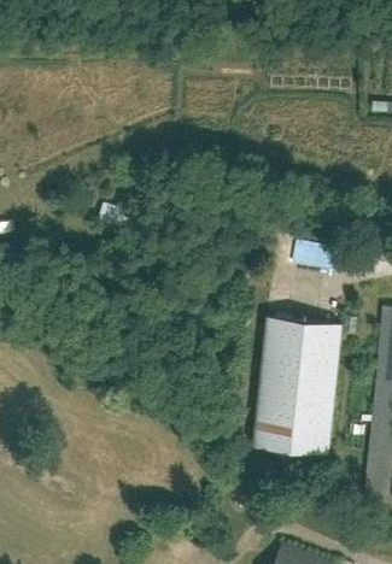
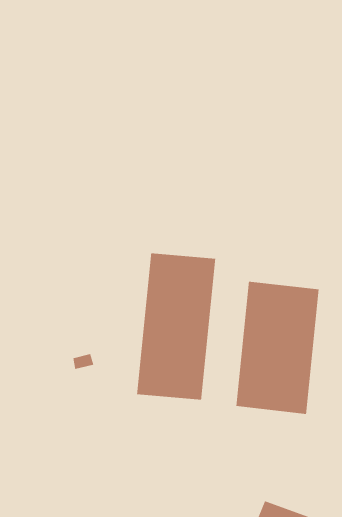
building: none -> [136,253,216,401]

